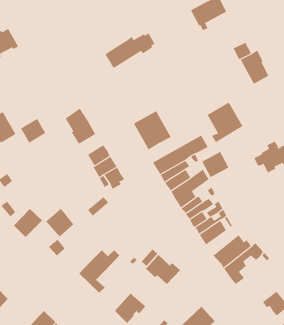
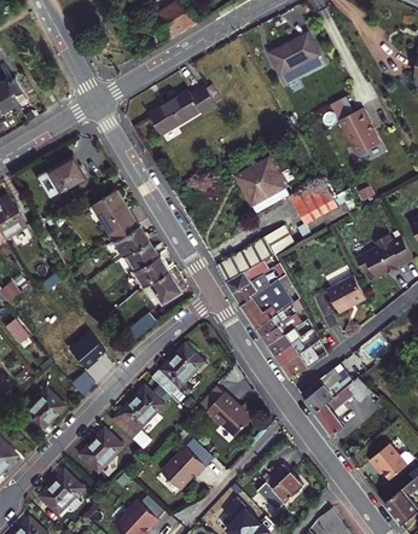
building: [133,110,171,150] -> [236,157,289,213]
building: [20,118,46,143] -> [46,156,82,191]
building: none -> [112,224,147,255]
building: [202,151,229,178] -> [327,274,366,312]
building: [13,208,43,238] -> [22,388,63,429]
building: none -> [152,344,202,402]
building: none -> [81,429,121,470]

